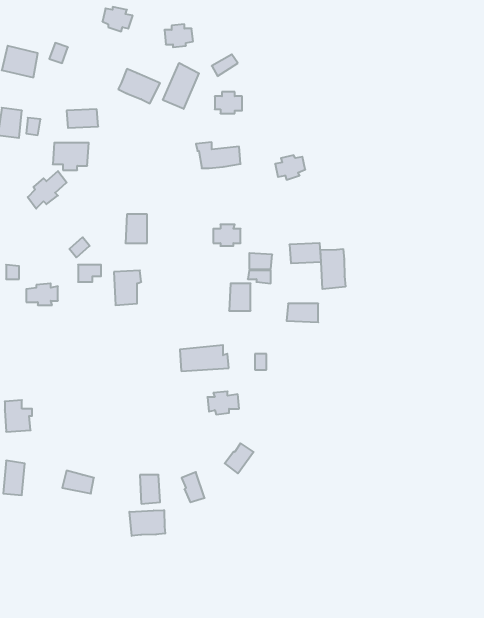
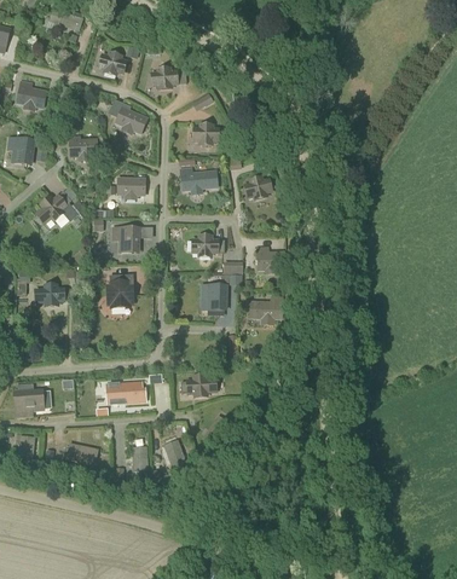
building: [163,63,199,109] -> none
building: [53,143,89,170] -> [115,176,145,199]
building: [321,249,345,289] -> none
building: [180,345,229,371] -> [104,381,145,403]
building: [129,510,165,536] -> none

